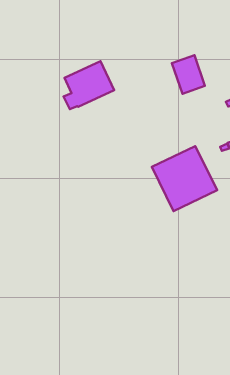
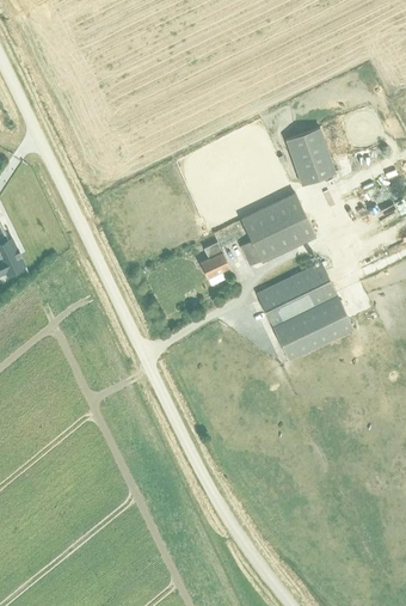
building: [64,61,114,109] -> [240,194,315,265]
building: none -> [201,243,229,278]

